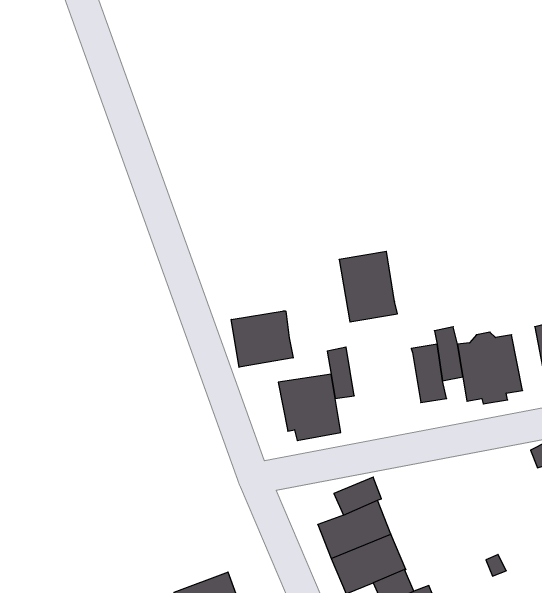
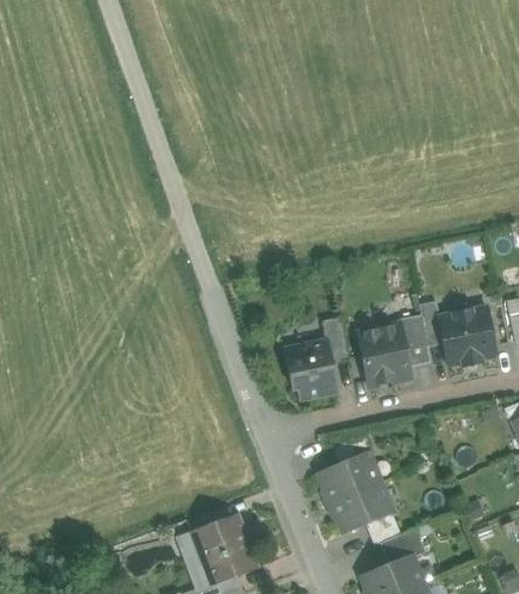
building: [339,251,397,322] -> [358,324,409,386]
building: [231,311,293,367] -> none

